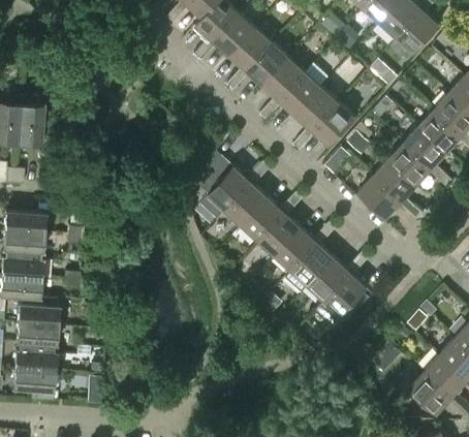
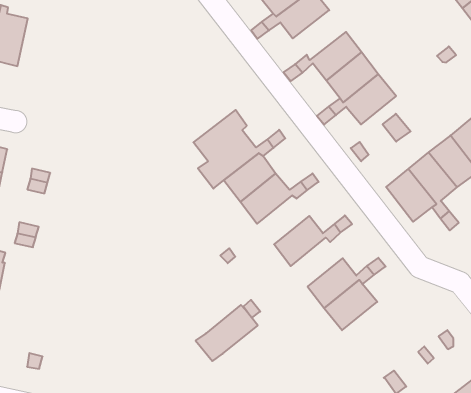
building: [262,58,305,101] -> none
building: [258,214,300,256] -> none
building: [284,244,333,293] -> [196,305,258,361]

